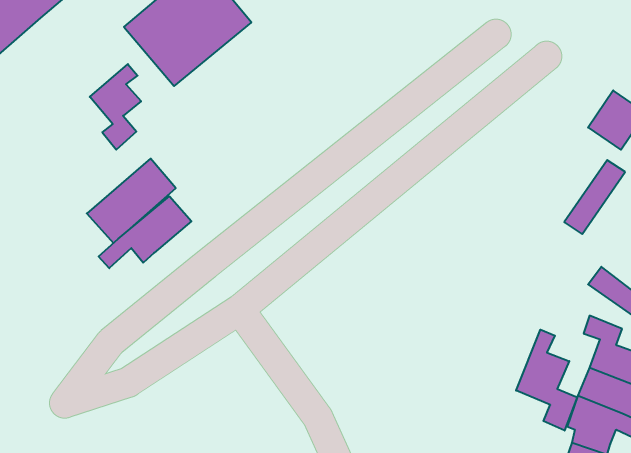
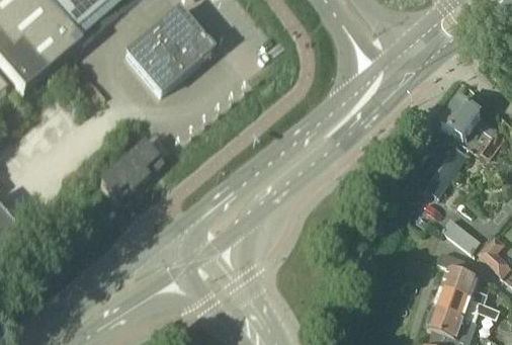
building: [90,64,141,150] -> none
building: [99,196,191,268] -> none
building: [516,330,577,431] -> none

